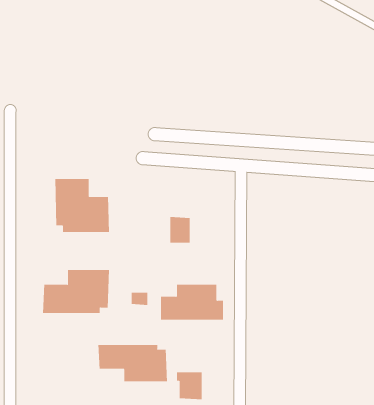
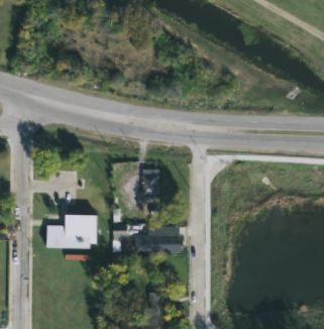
building: [55,178,110,233] -> none
building: [98,344,167,382] -> none

